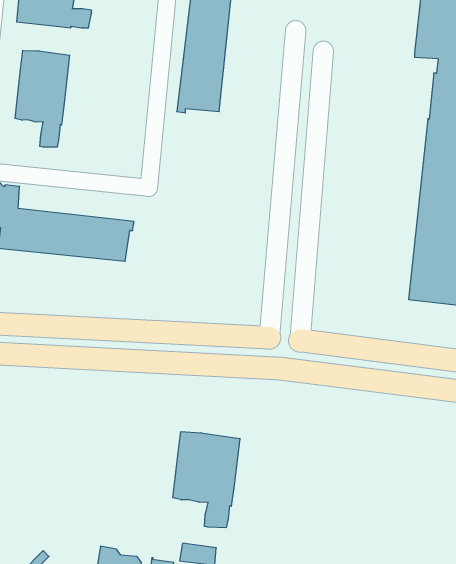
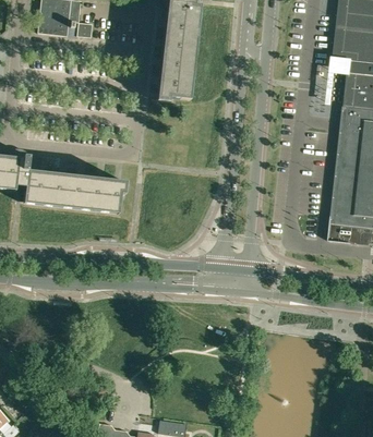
building: [15,50,69,147] -> none
building: [173,432,240,528] -> none

